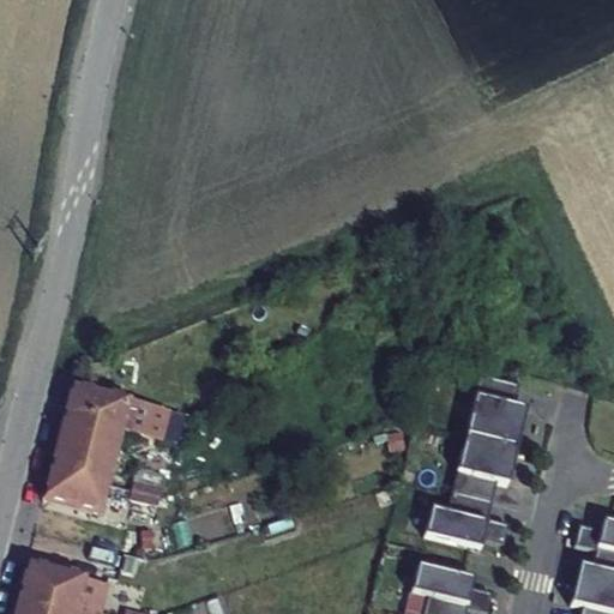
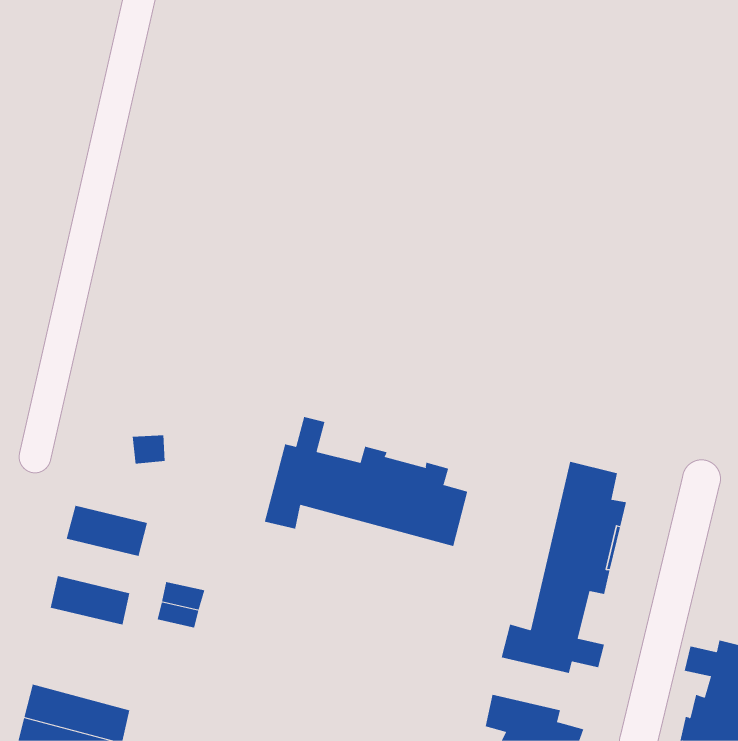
building: none -> [264,416,468,547]
building: [70,384,173,437] -> none
building: [55,441,122,486] -> none

